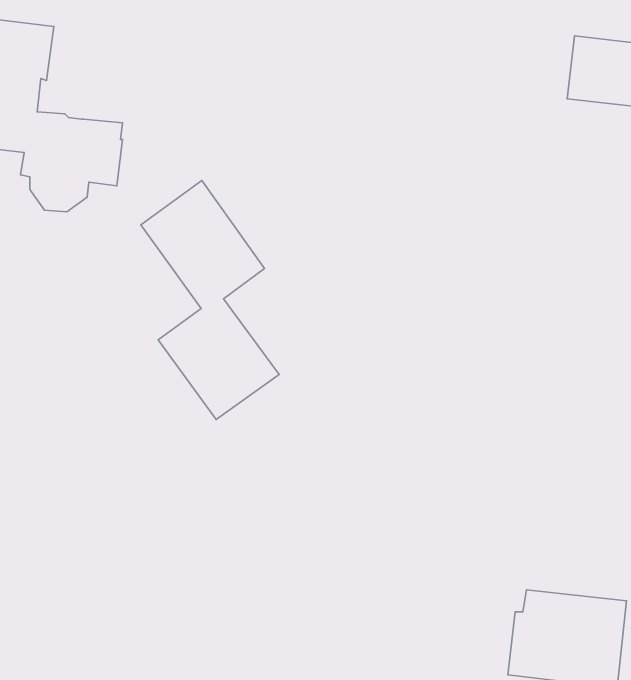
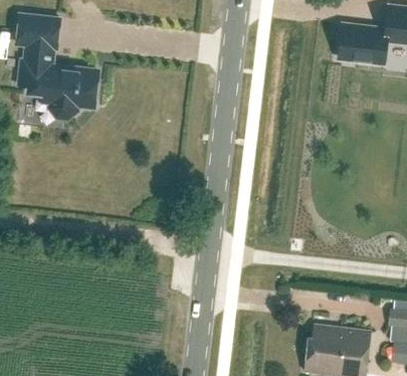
building: [141,181,279,419] -> none

